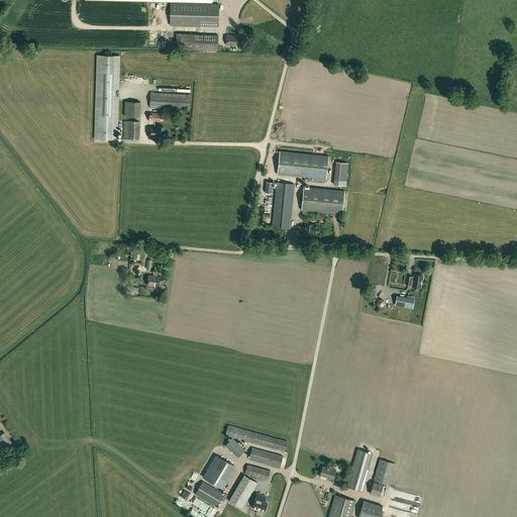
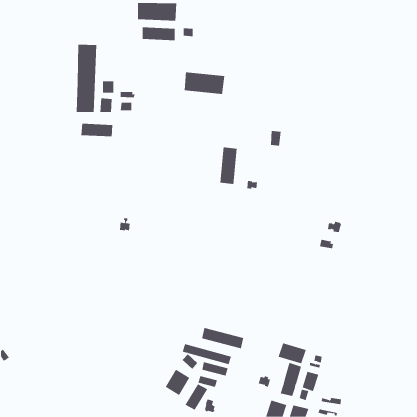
building: [149,92,190,109] -> [81,123,113,137]
building: [277,150,328,179] -> [184,72,225,95]
building: [301,187,344,214] -> none
building: none -> [202,327,244,349]
building: none -> [278,343,306,364]
building: [195,481,226,507] -> none

